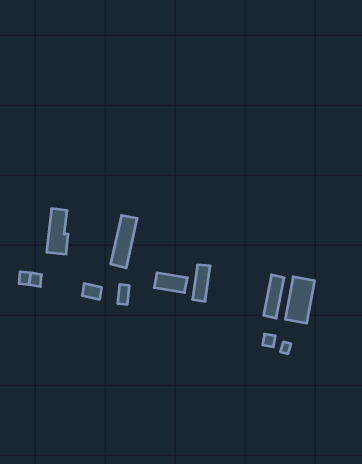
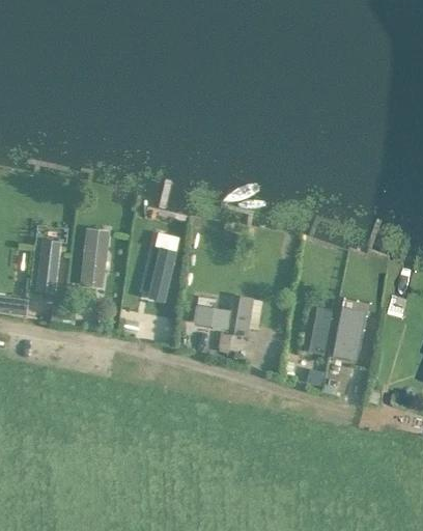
building: none -> [36,240,59,291]

